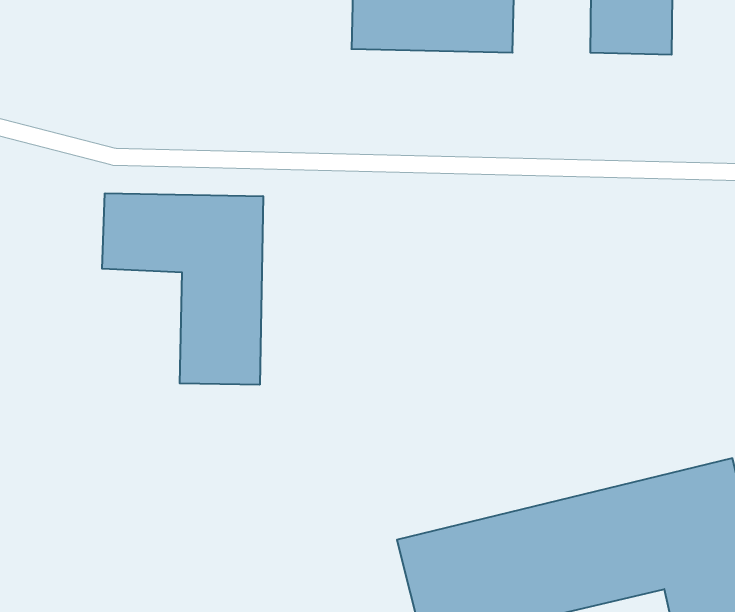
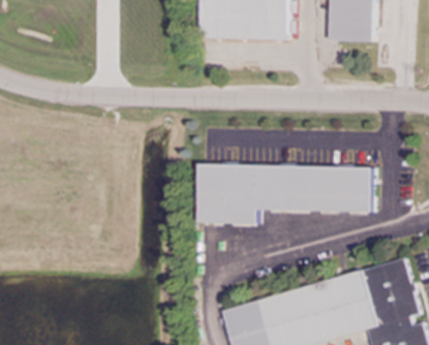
building: [102,193,263,385] -> none
building: none -> [198,163,373,223]

